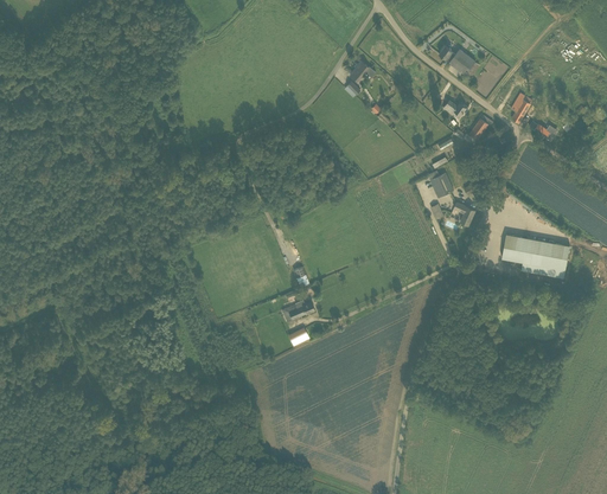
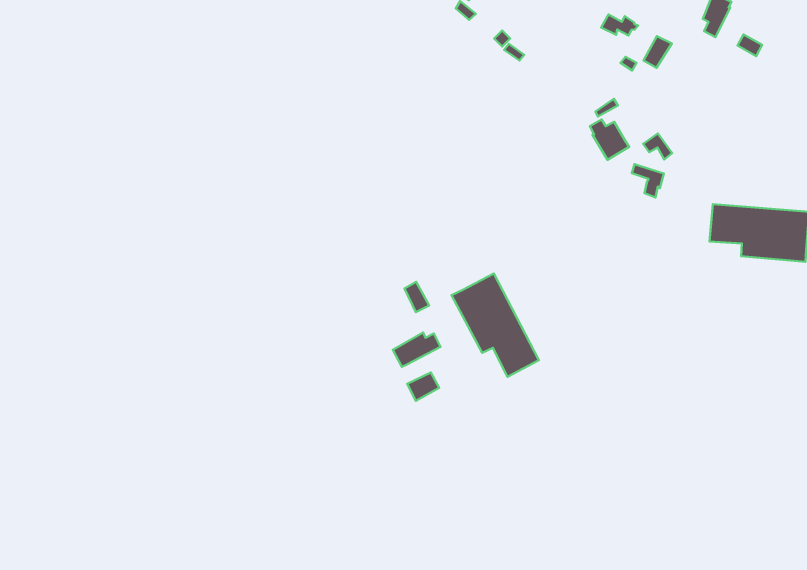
building: none -> [452,274,539,377]

